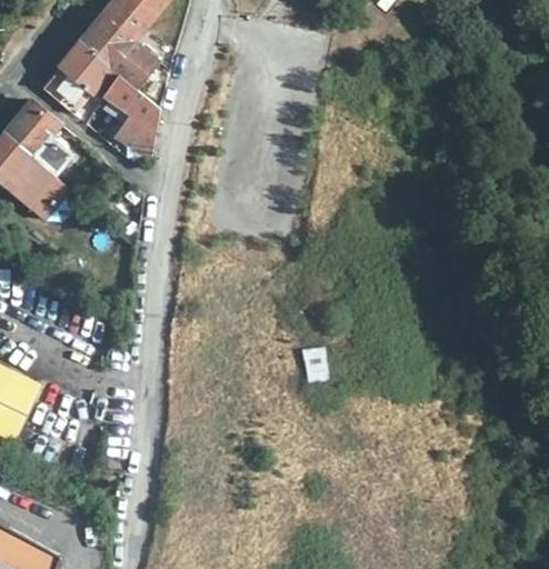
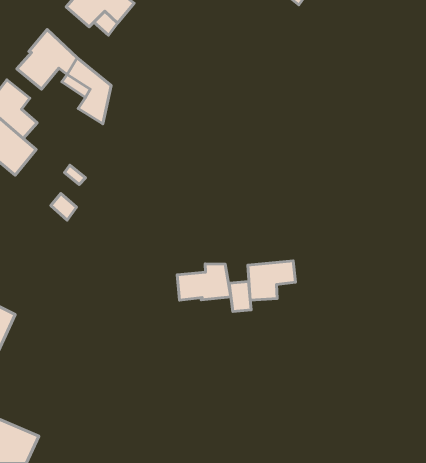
building: [77,13,154,90] -> none
building: none -> [248,261,295,300]
building: none -> [177,264,231,300]

